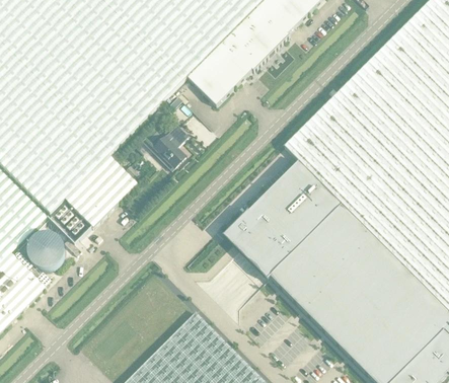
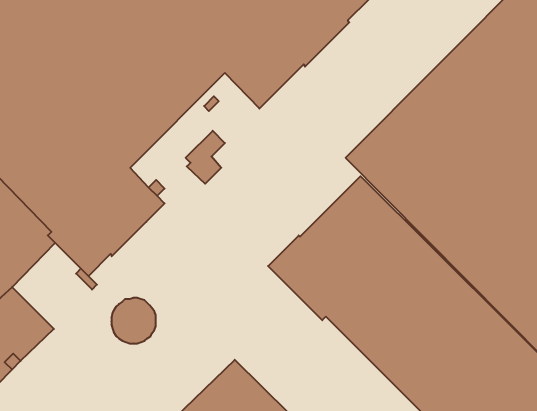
building: [27,232,64,270] -> [111,298,156,343]

